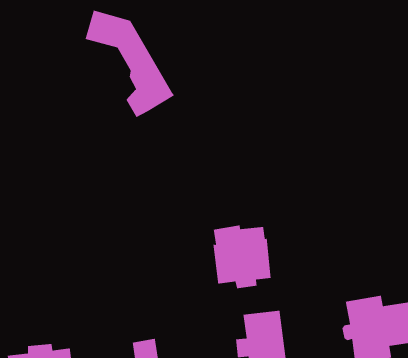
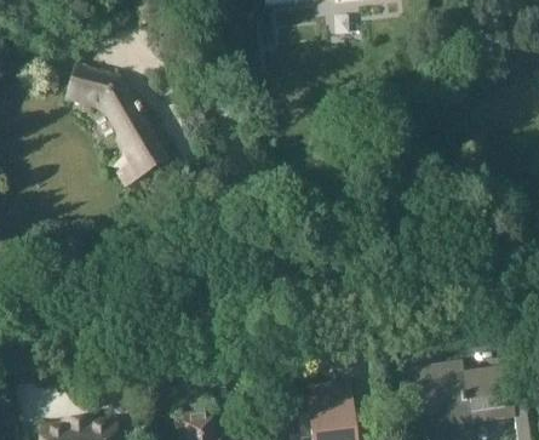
building: [85,9,175,118] -> [65,64,167,187]
building: [212,225,272,289] -> none

